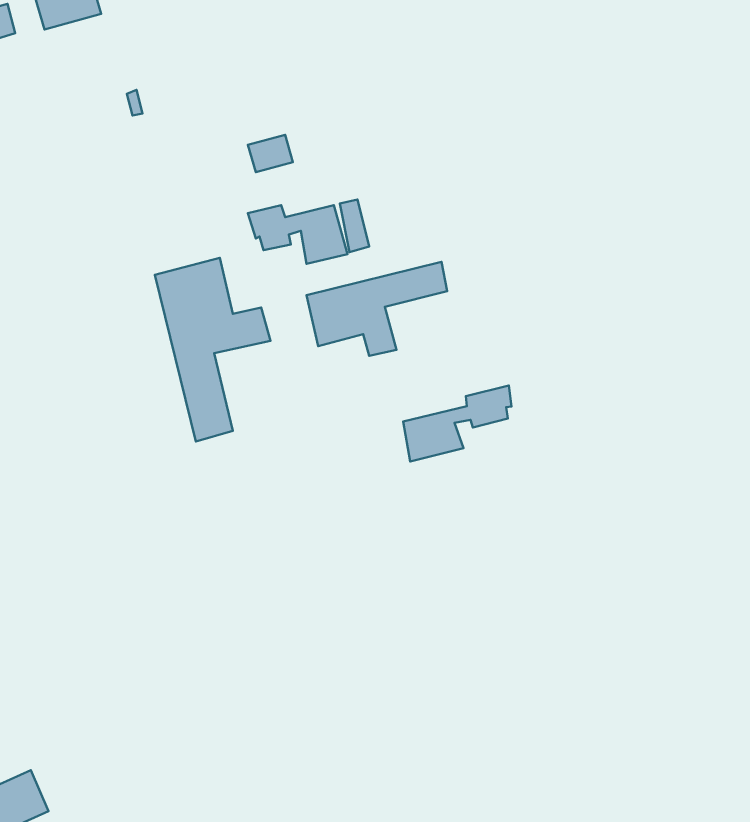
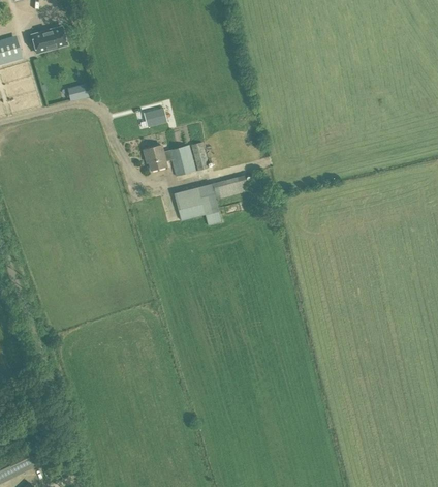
building: [155,258,270,442] -> none
building: [403,386,512,461] -> none

